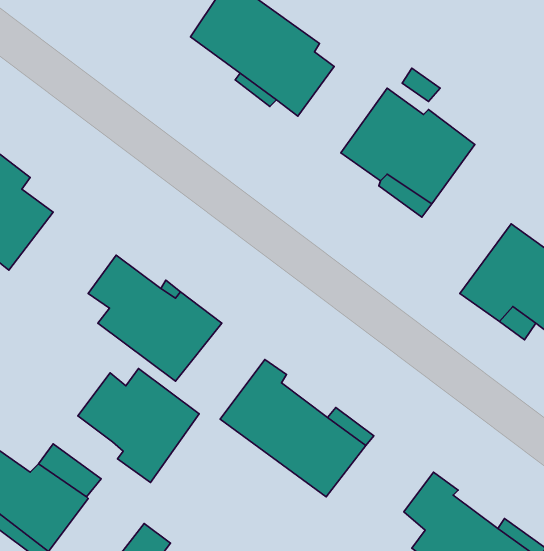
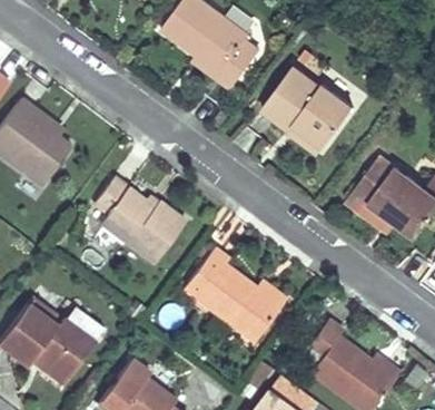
building: [78,368,199,483] -> none

